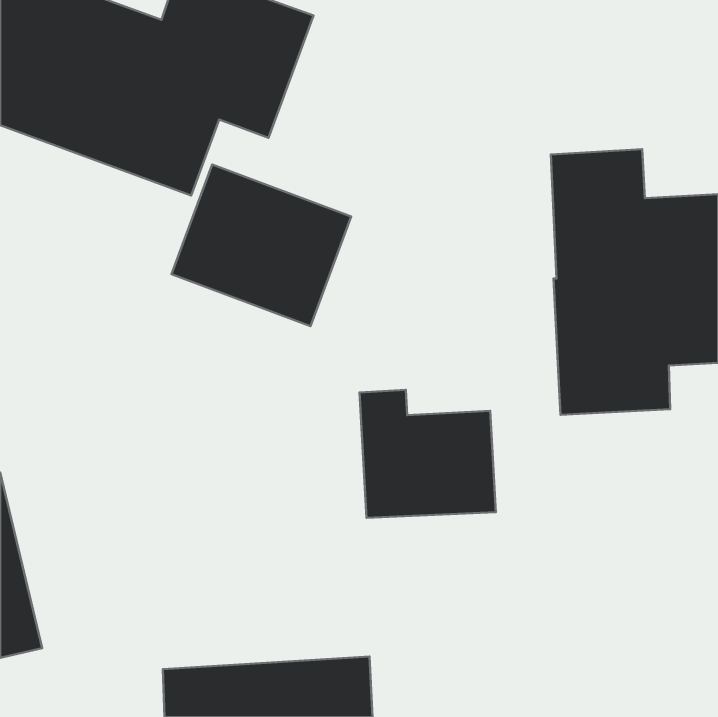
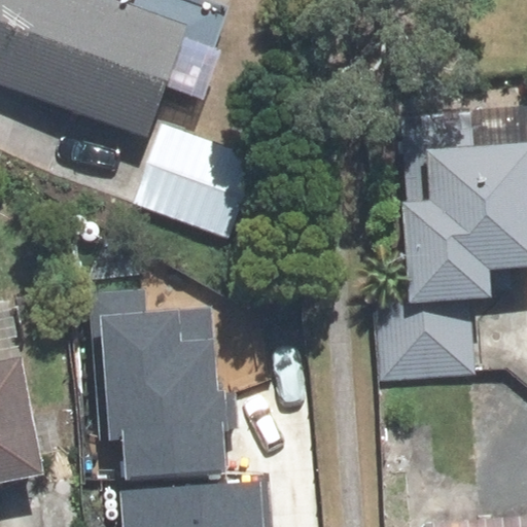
building: [360,390,496,518] -> [376,285,476,379]
building: none -> [90,290,231,478]

